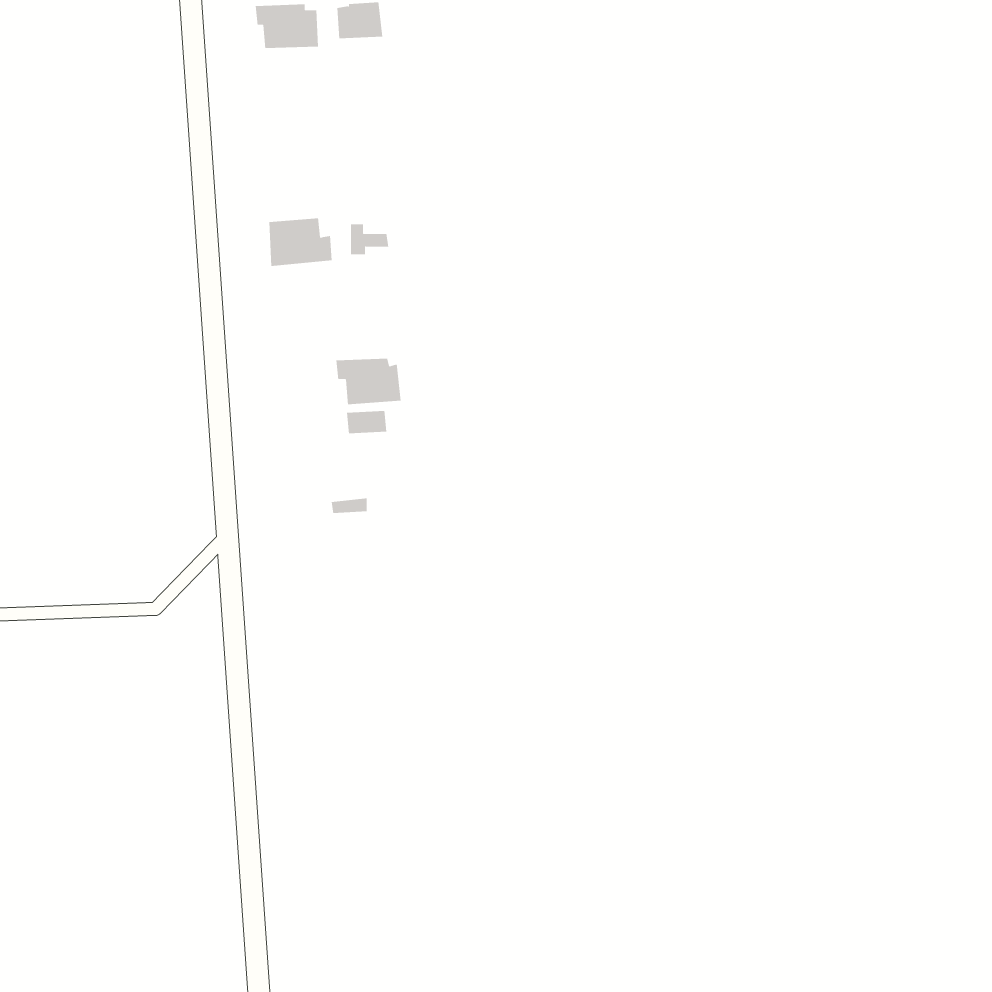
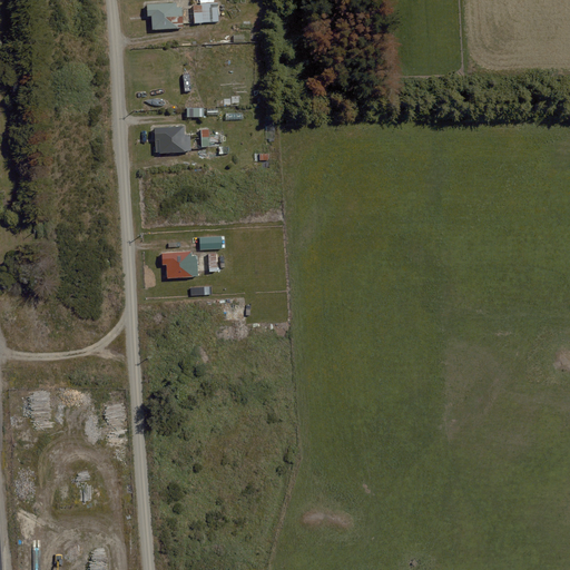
building: [335,358,402,405] -> [160,250,198,277]

